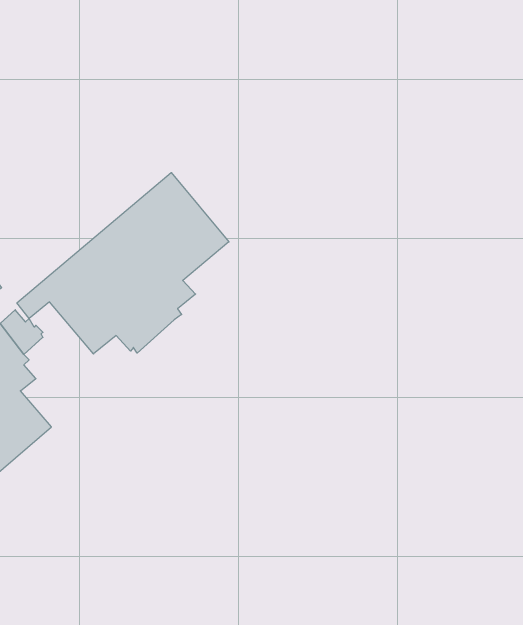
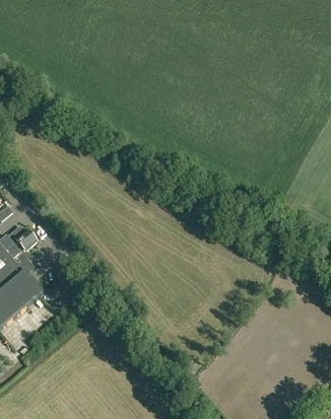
building: [17,173,229,354] -> none

